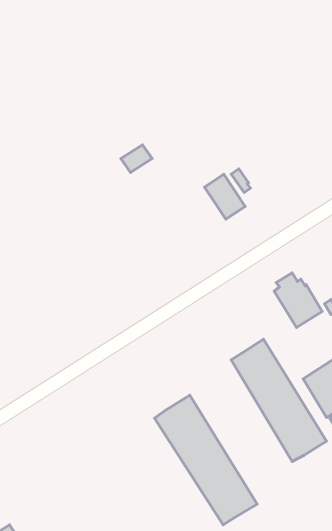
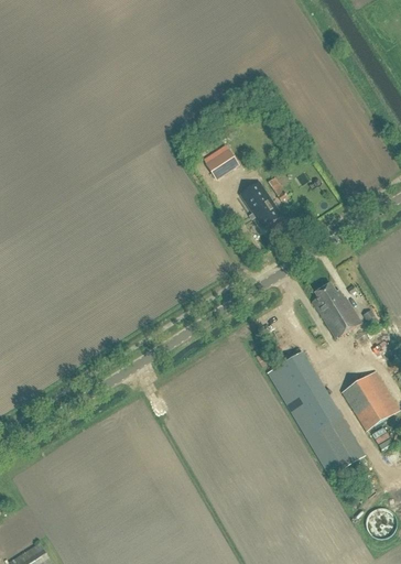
building: [121,145,152,173] -> [206,150,238,178]
building: [155,395,257,525] -> none

